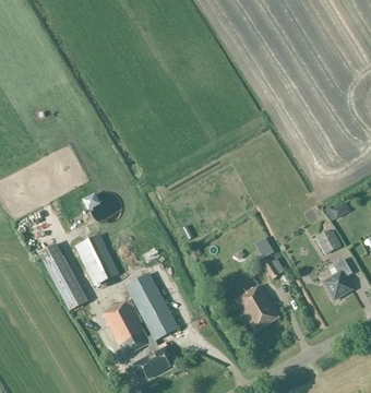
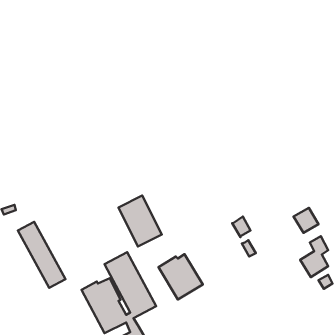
building: [75,234,119,285] -> [118,196,162,246]
building: [235,284,279,330] -> [158,254,203,300]

